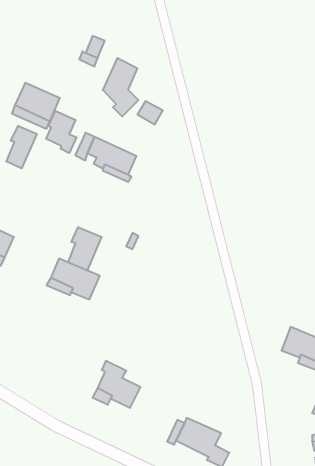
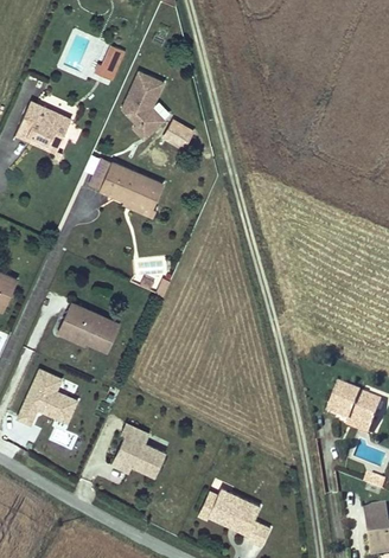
building: [46,111,76,153] -> none
building: [6,126,37,168] -> none
building: [68,227,101,271] -> none
building: none -> [15,368,77,426]

